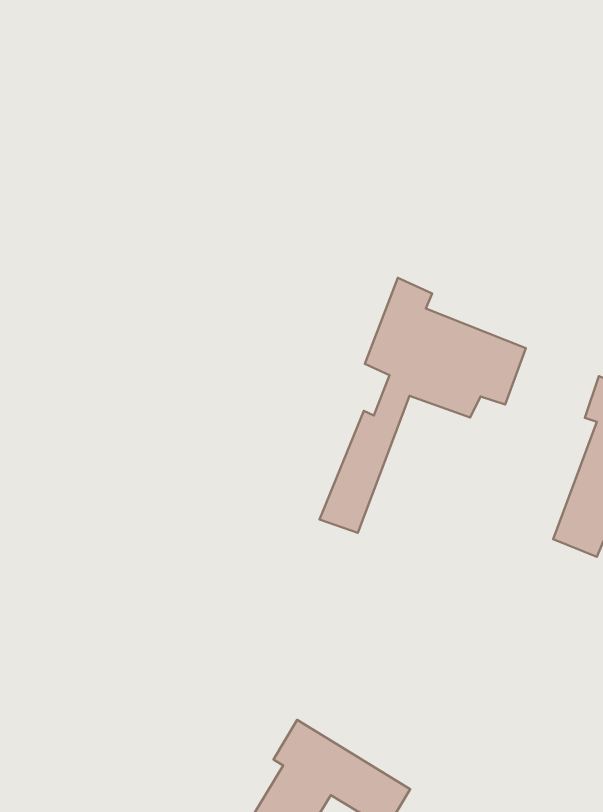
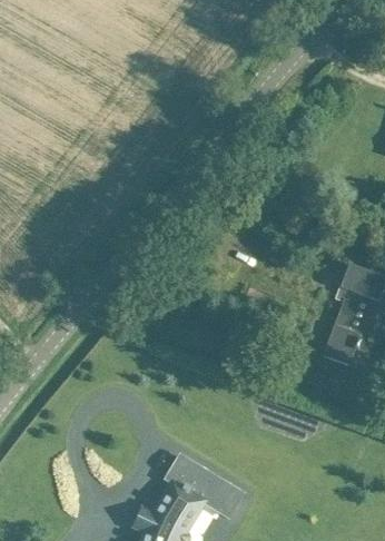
building: [319,278,526,533] -> none

